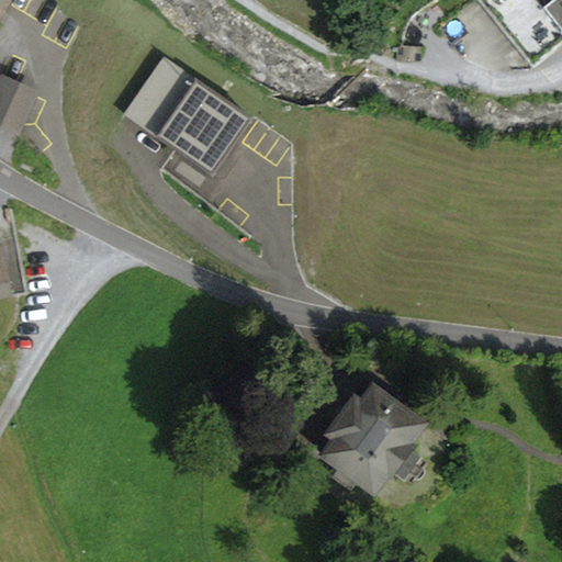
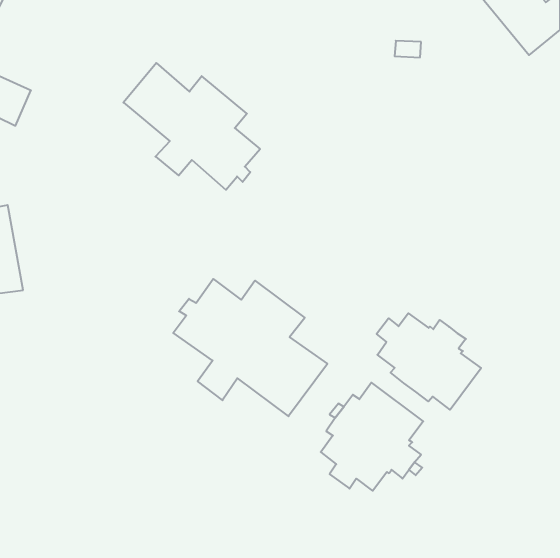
building: none -> [173,279,327,416]
building: none -> [377,313,481,410]

